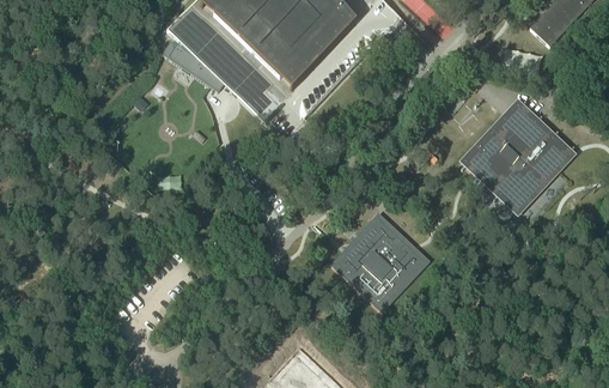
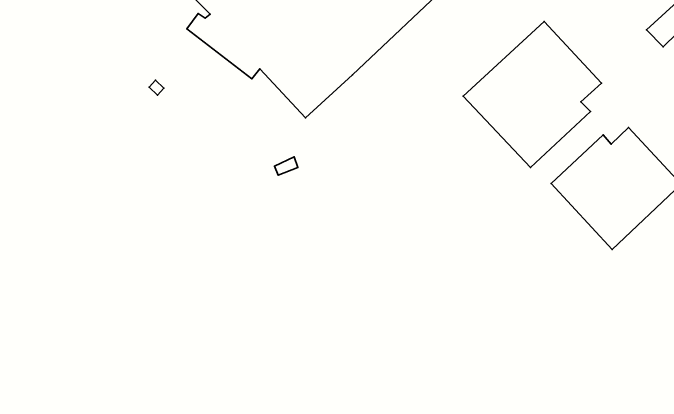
building: none -> [463,22,602,168]
building: [335,216,424,304] -> none

